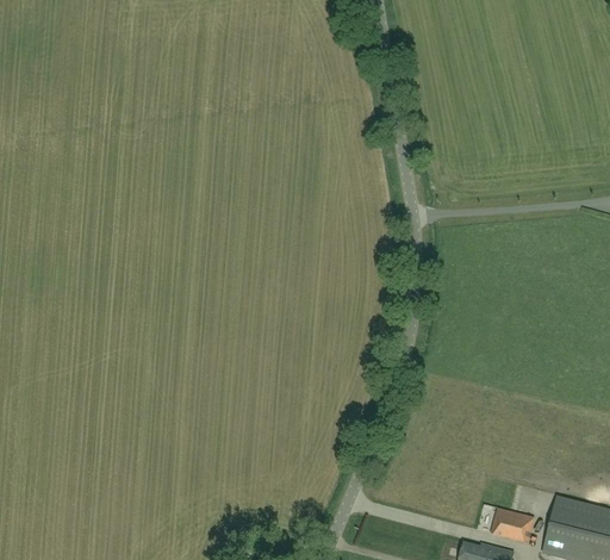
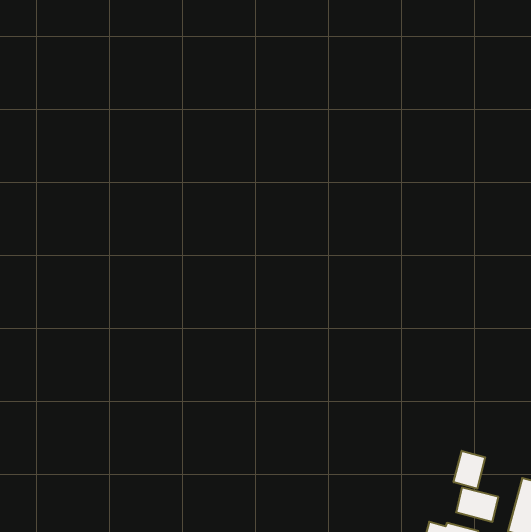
building: none -> [454,451,485,489]

